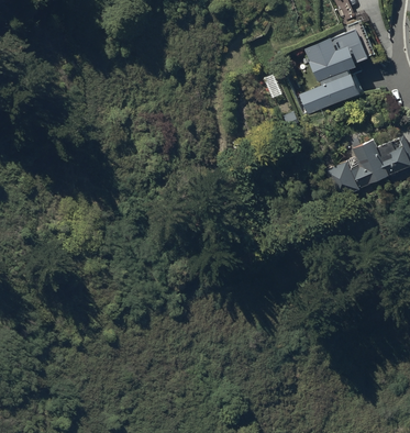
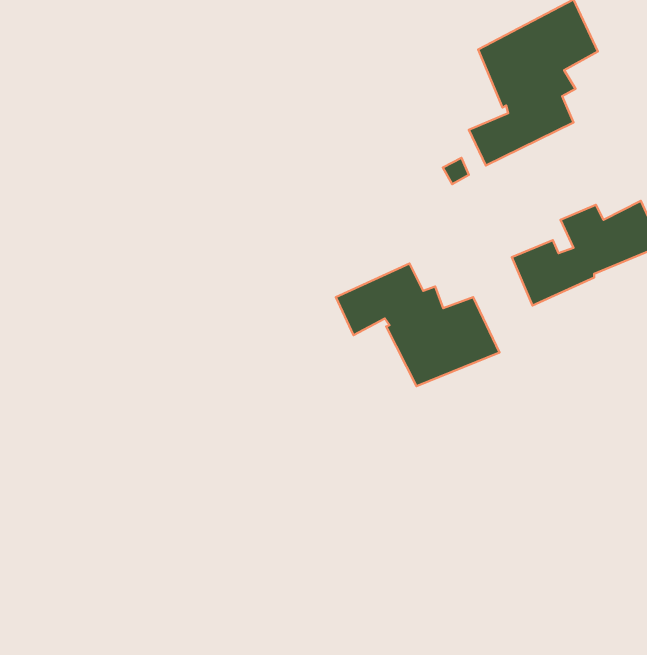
building: none -> [336,264,499,386]

